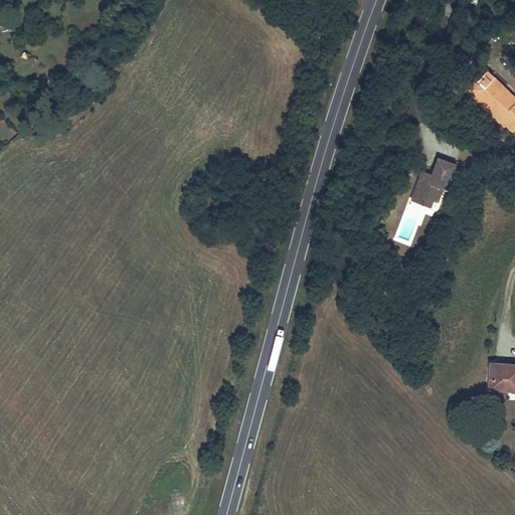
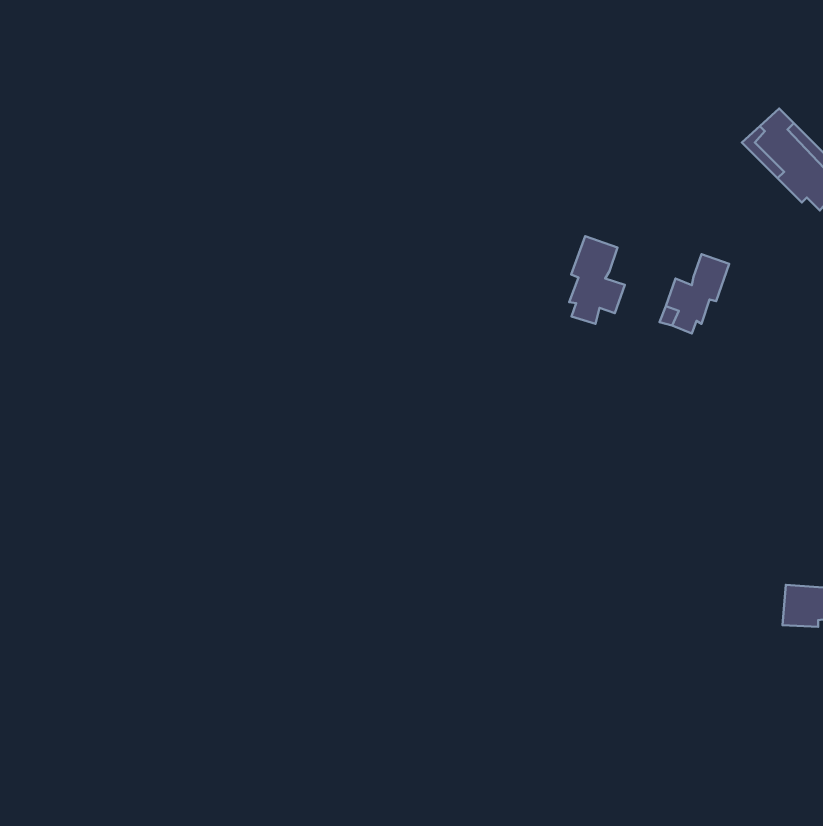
building: none -> [569,236,625,324]

